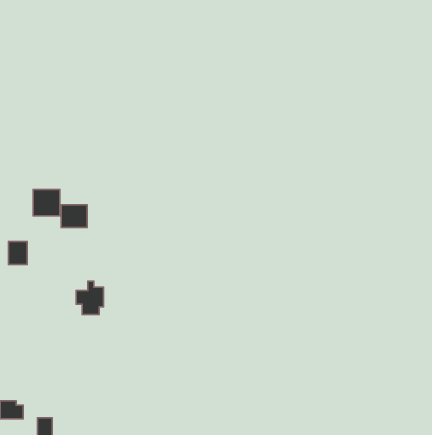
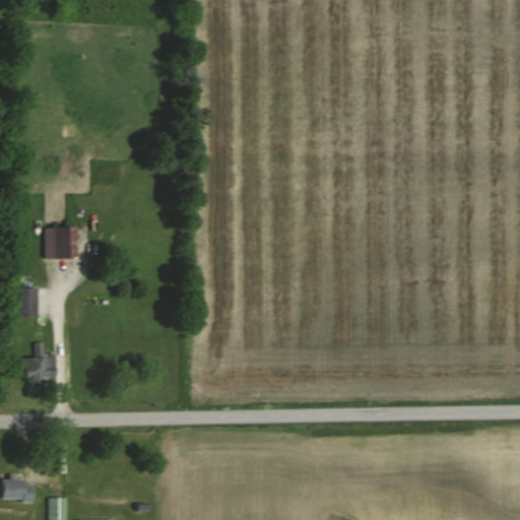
building: [61,205,87,227] -> none
building: [76,281,103,314] -> [22,346,55,386]

